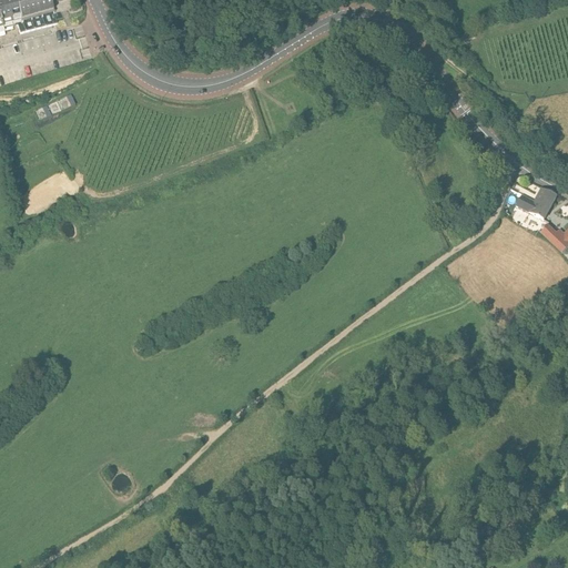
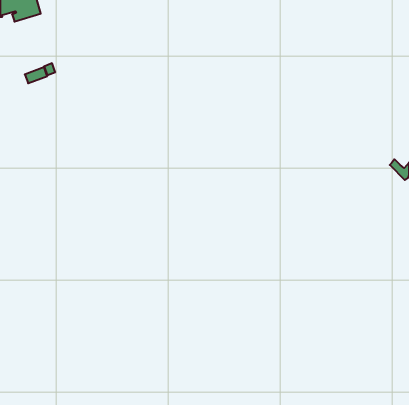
building: [529,184,557,216] -> none

